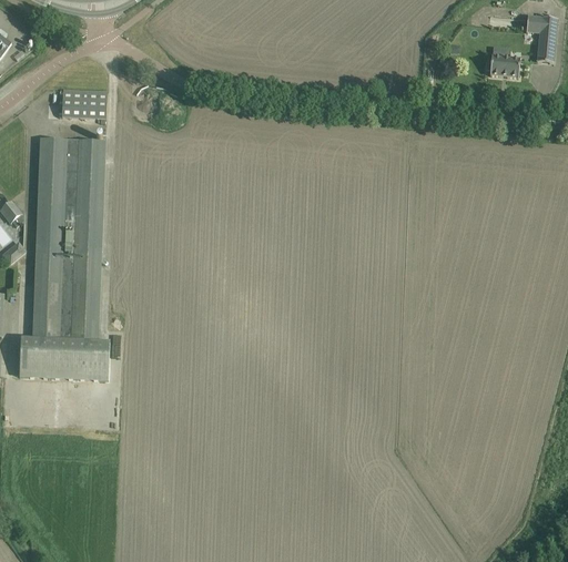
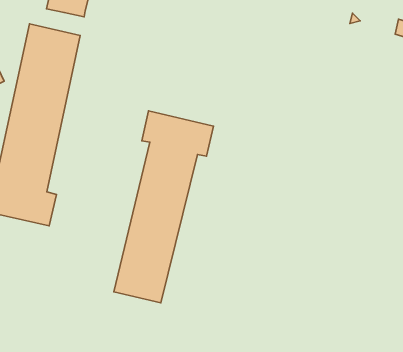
building: none -> [114,111,213,303]

